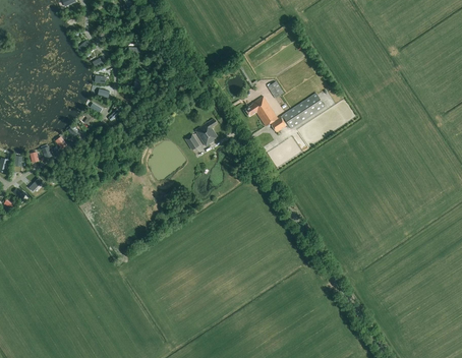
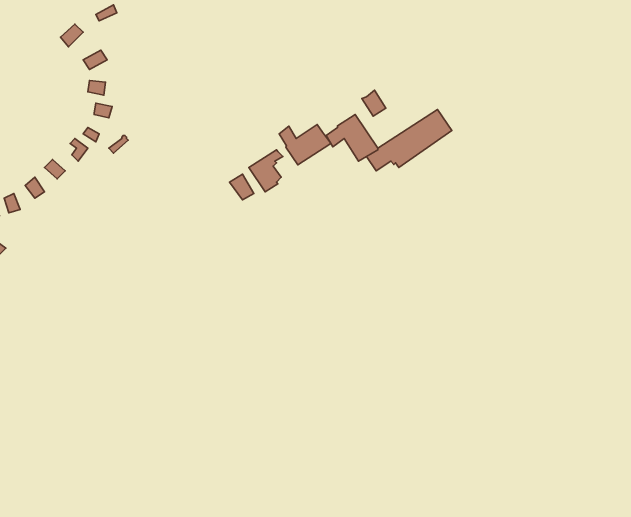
building: none -> [279,124,330,165]

